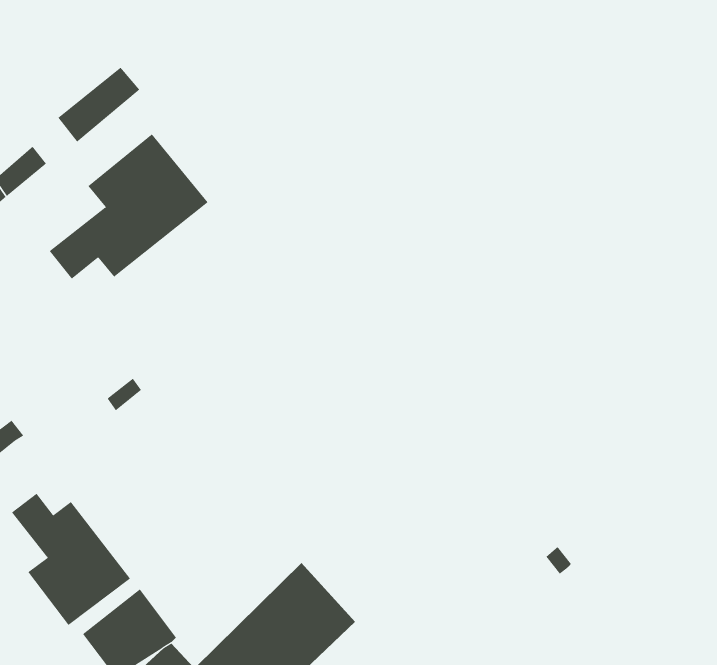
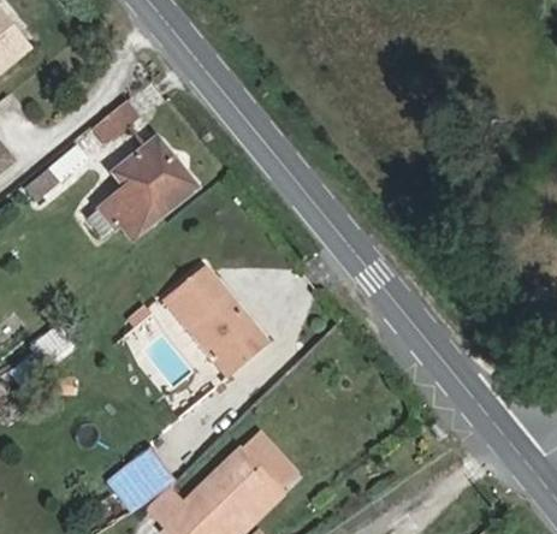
building: none -> [164,266,268,378]
building: [11,493,131,626] -> none

